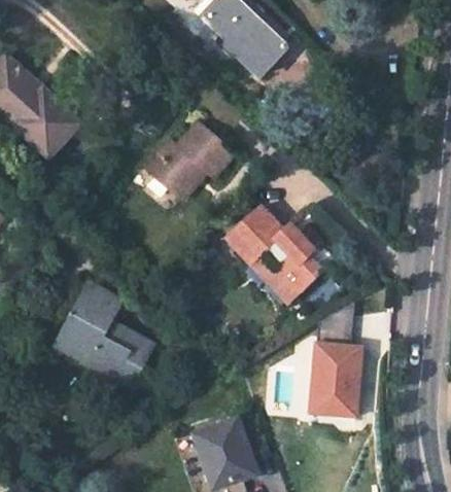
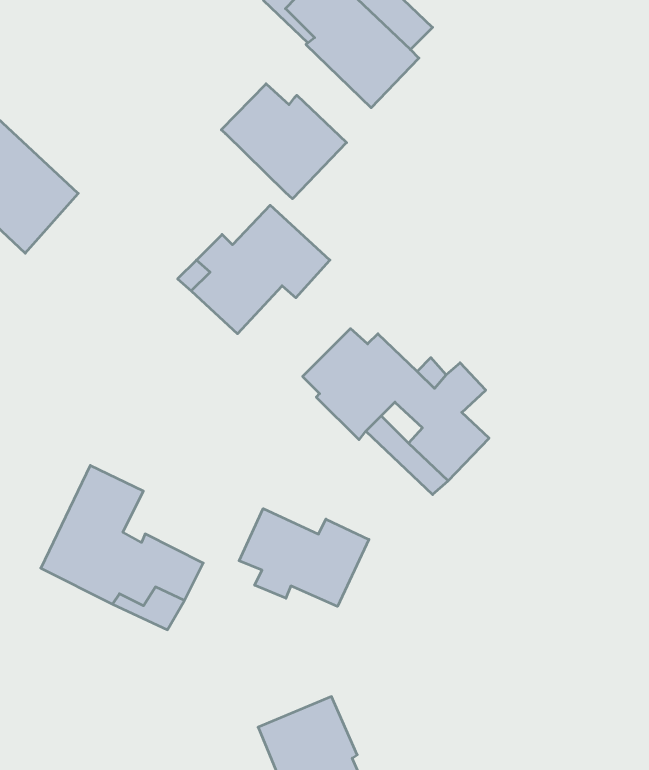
building: none -> [221,84,347,199]
building: [316,301,363,416] -> none
building: none -> [239,509,369,606]

